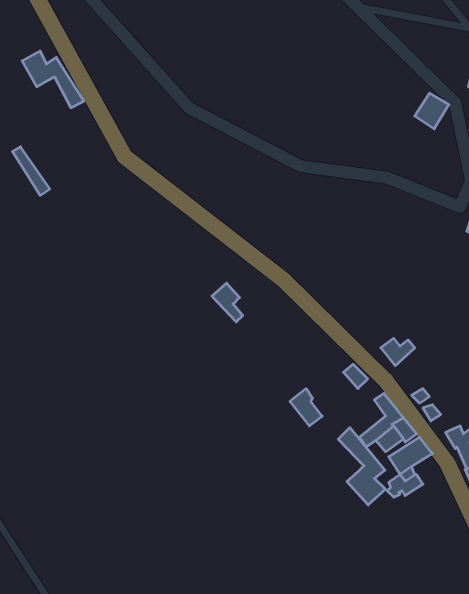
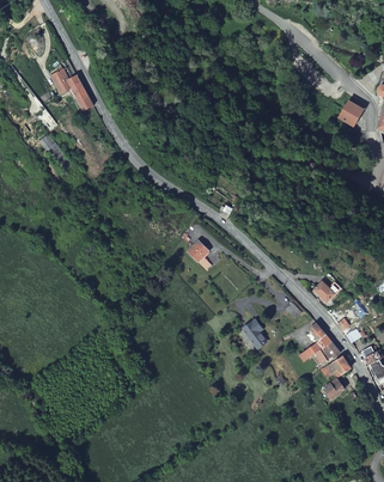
building: [338,428,385,505] -> none

